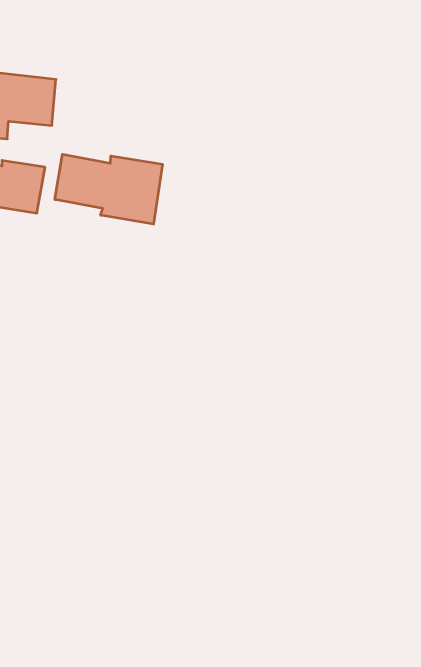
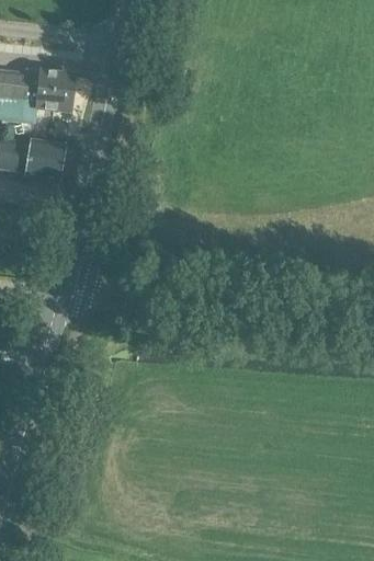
building: [55,154,162,224] -> none

